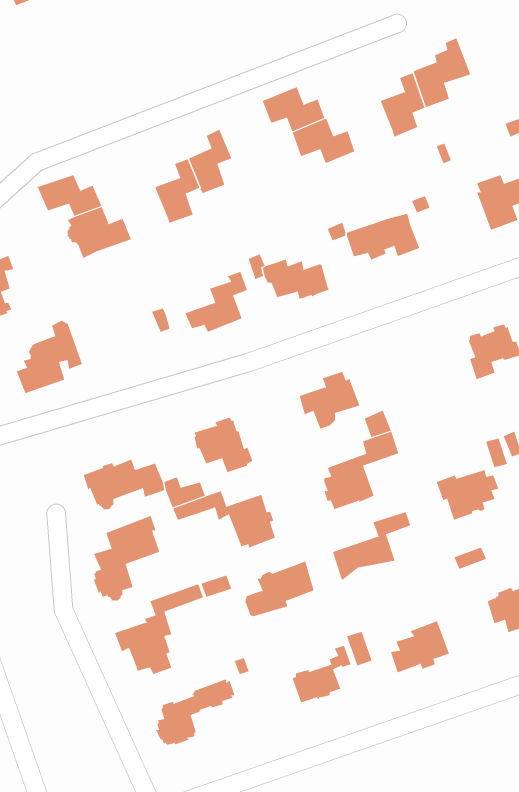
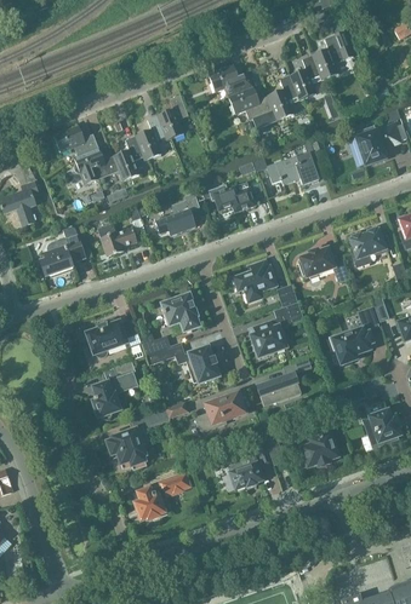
building: none -> [252,75,298,128]
building: none -> [113,136,143,180]
building: none -> [98,224,137,257]
building: none -> [298,248,349,282]

